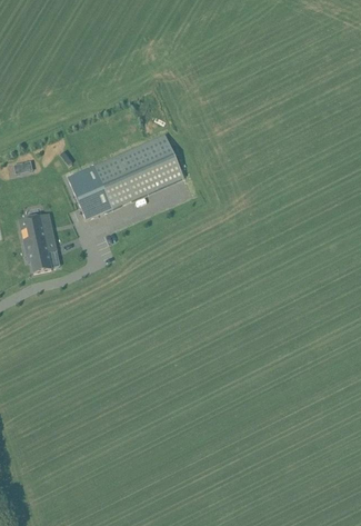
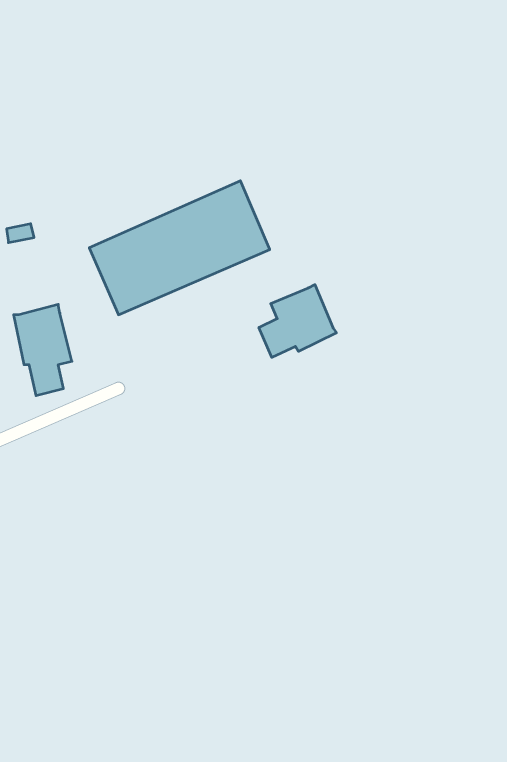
building: none -> [259,285,336,357]

